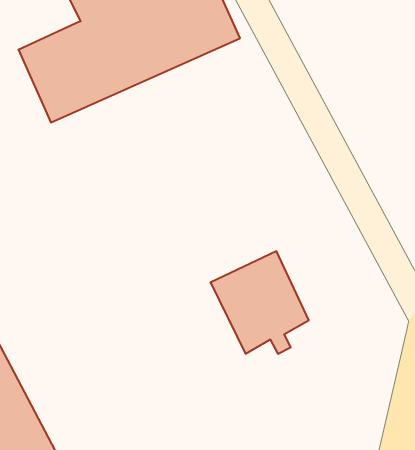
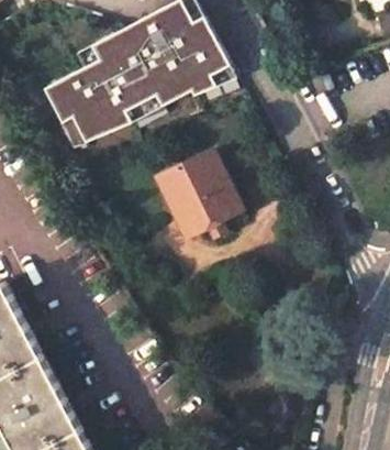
building: [210,251,309,354] -> [158,152,242,239]

